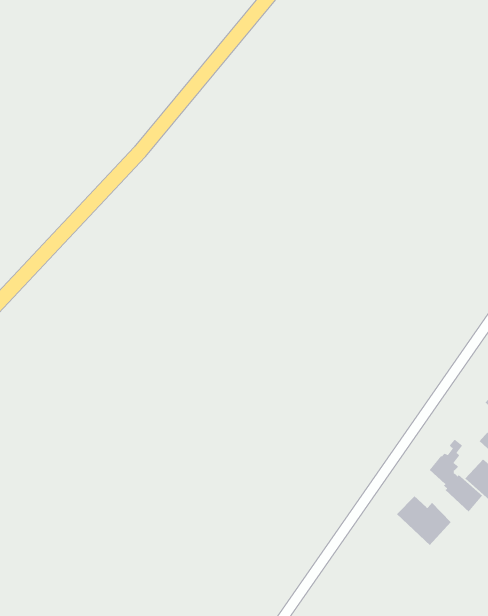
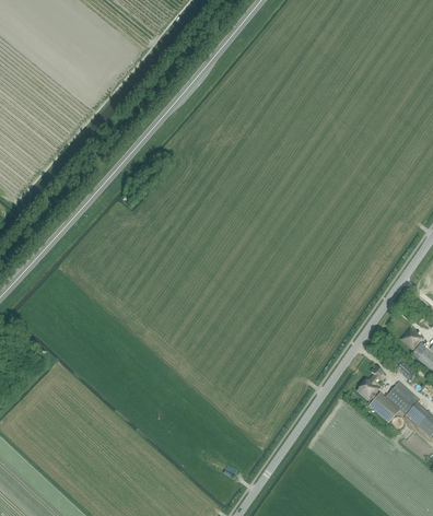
building: [396,496,452,546] -> none

